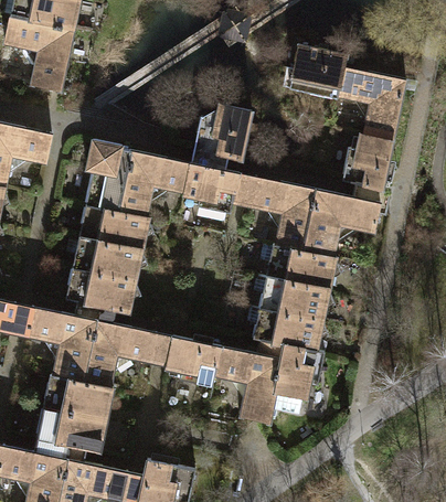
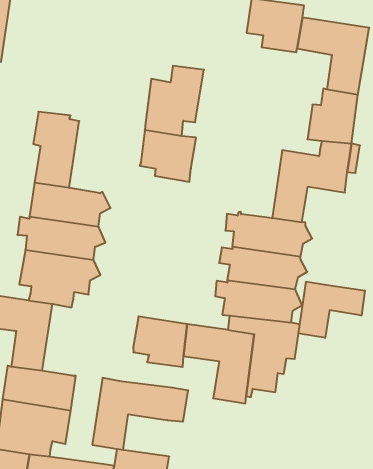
building: [117,151,191,220] -> none
building: [232,173,318,253] -> none
building: none -> [298,282,365,338]
building: [82,320,174,388] -> [92,378,188,450]

